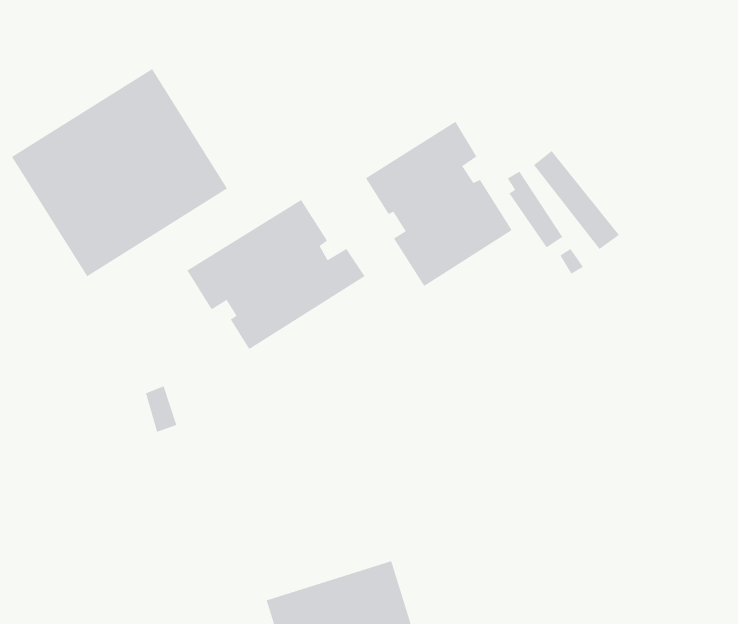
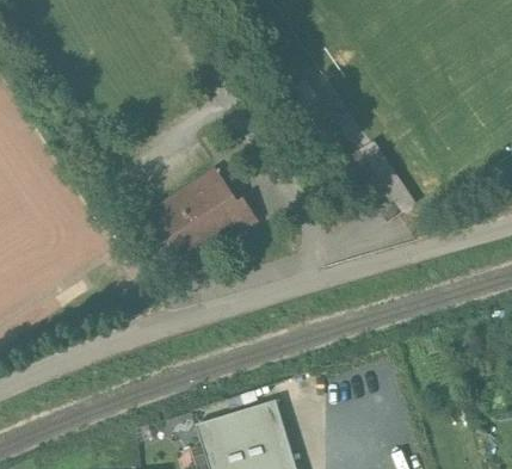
building: [11,68,228,277] -> none
building: [365,121,512,287] -> none

